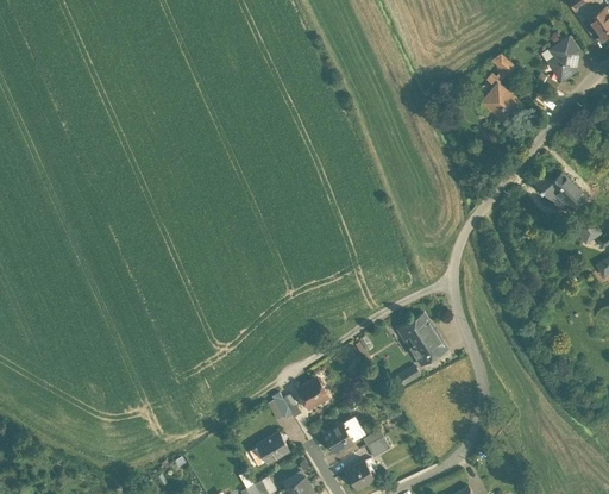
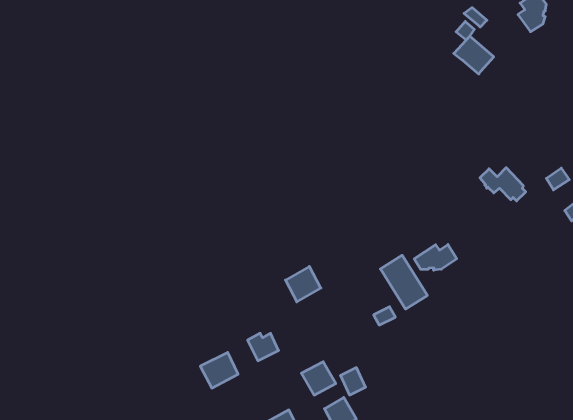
building: [533,173,580,207] -> [480,168,526,201]
building: none -> [414,244,457,270]
building: [295,376,332,413] -> [285,266,321,302]
building: [255,431,294,468] -> [200,352,238,388]

